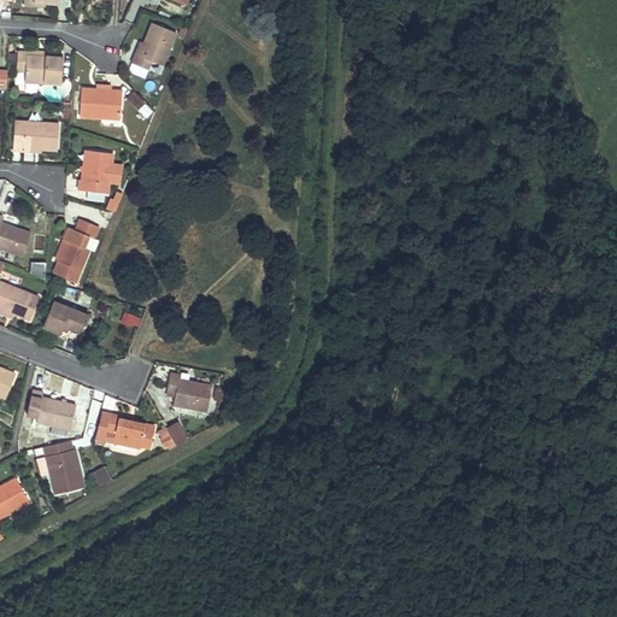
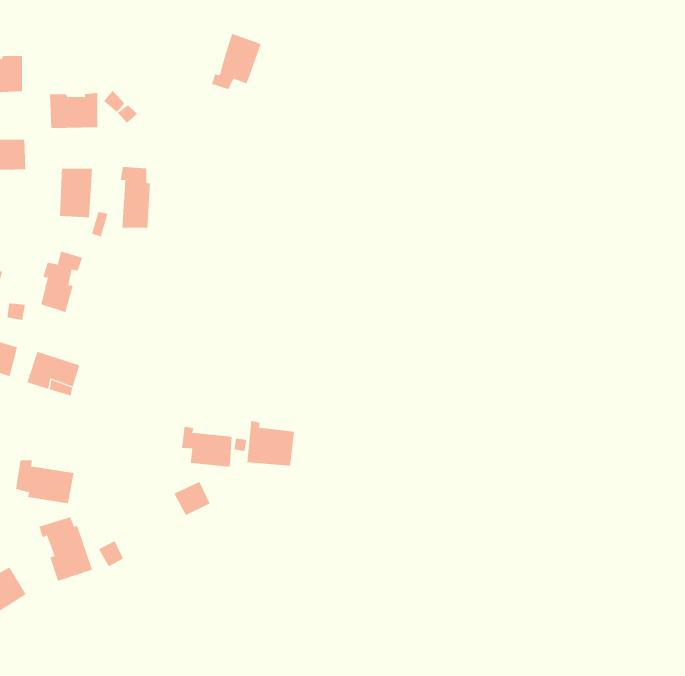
building: [131,22,176,69] -> [211,33,261,90]
building: none -> [120,166,151,228]
building: none -> [247,420,295,467]
building: [93,415,154,448] -> none

